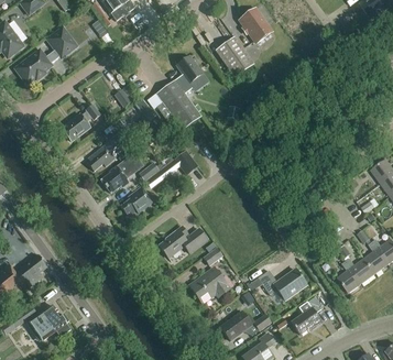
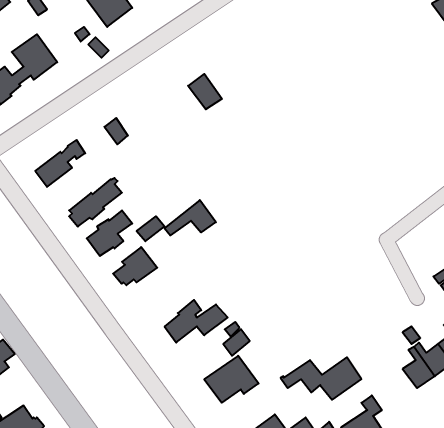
building: [239,9,271,43] -> none
building: [215,37,253,78] -> none
building: [155,80,200,130] -> none

